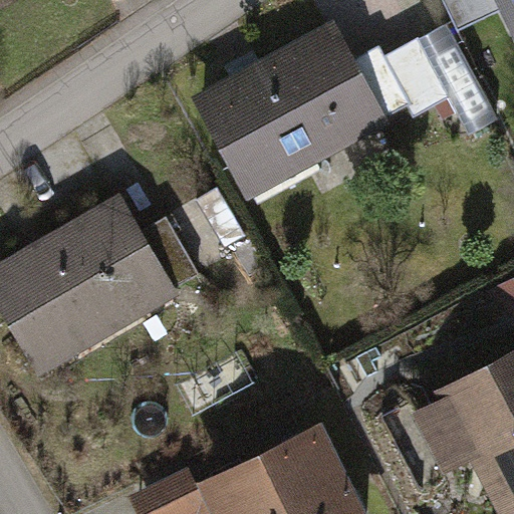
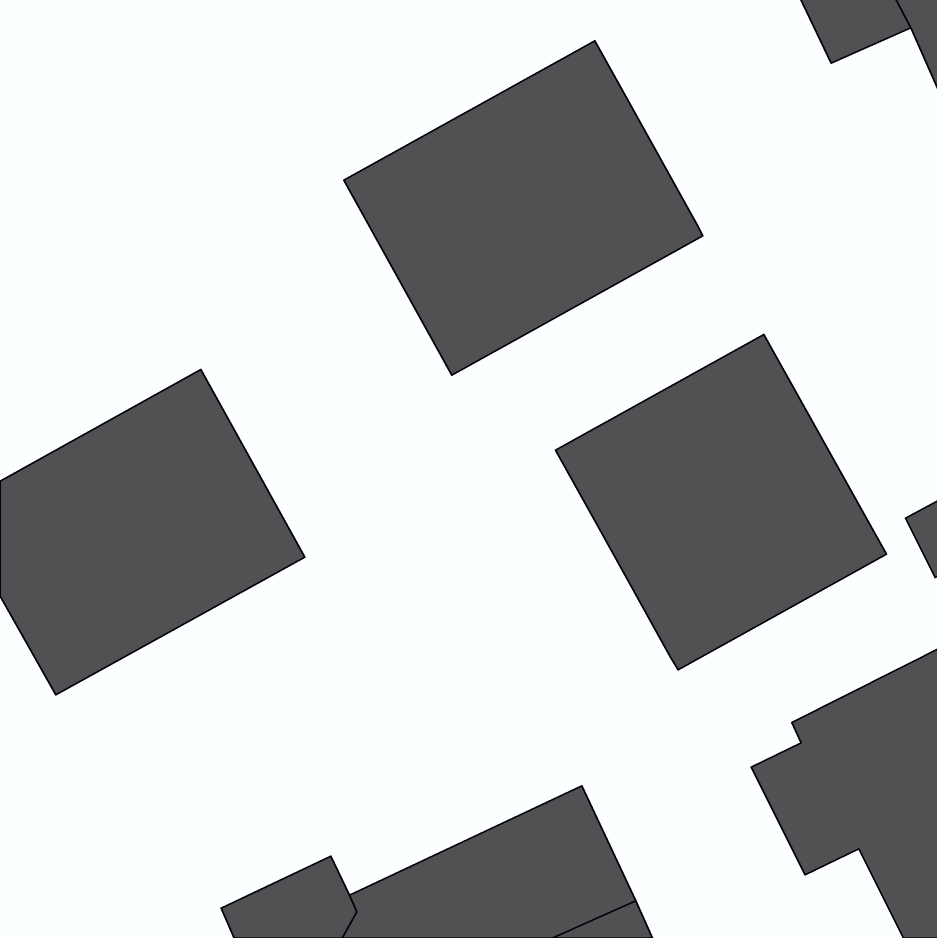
building: [348,36,498,145] -> none
building: none -> [555,334,887,670]

